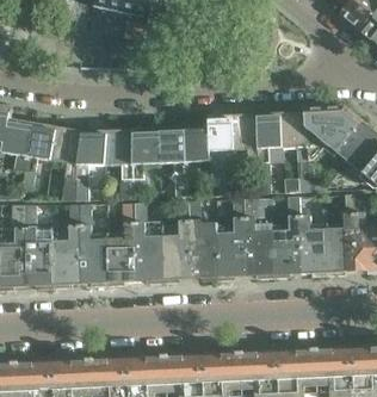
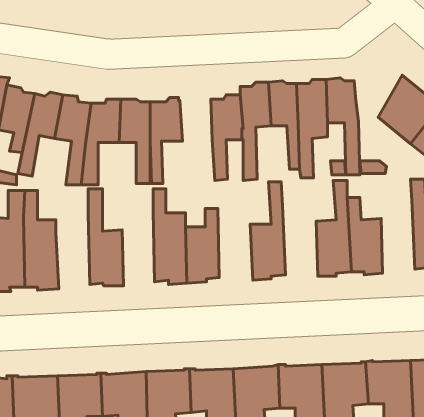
building: [304,106,345,160] -> none
building: [155,124,186,196] -> none
building: [327,194,356,274] -> none
building: [242,196,273,278] -> none
building: [187,200,218,280] -> none
building: [51,203,80,287] -> none
building: [107,203,135,285] -> none

